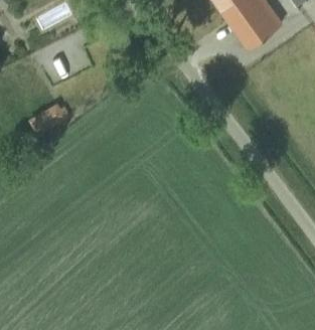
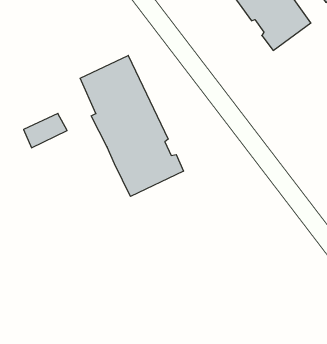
building: none -> [80,55,183,196]

